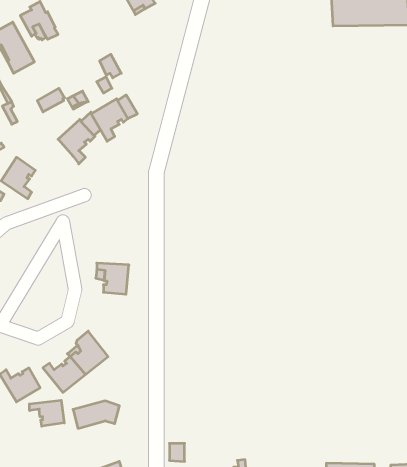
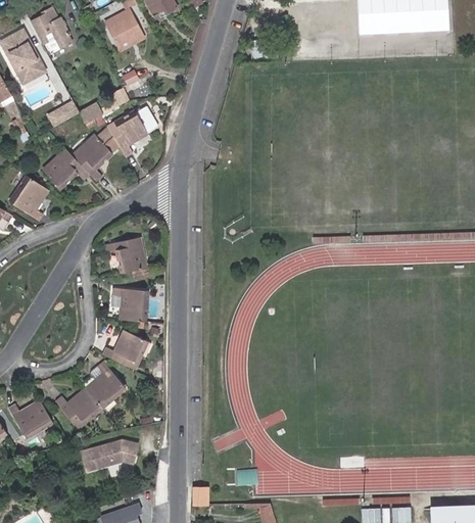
building: none -> [104,10,141,46]
building: none -> [42,148,87,187]
building: none -> [104,238,145,274]
building: none -> [102,332,146,371]
building: [29,400,64,426] -> none

